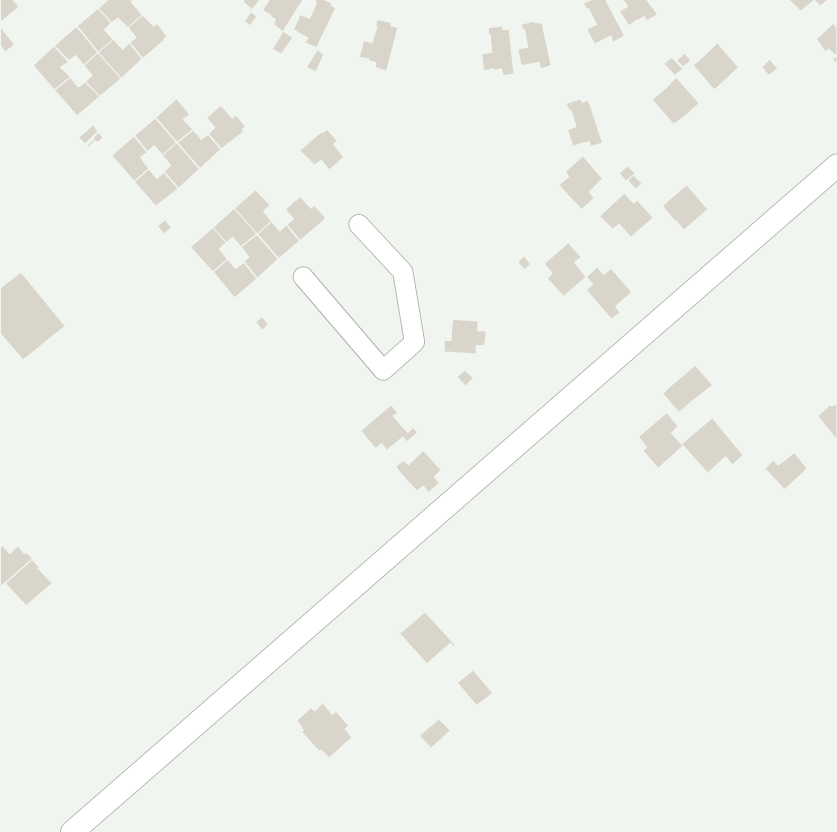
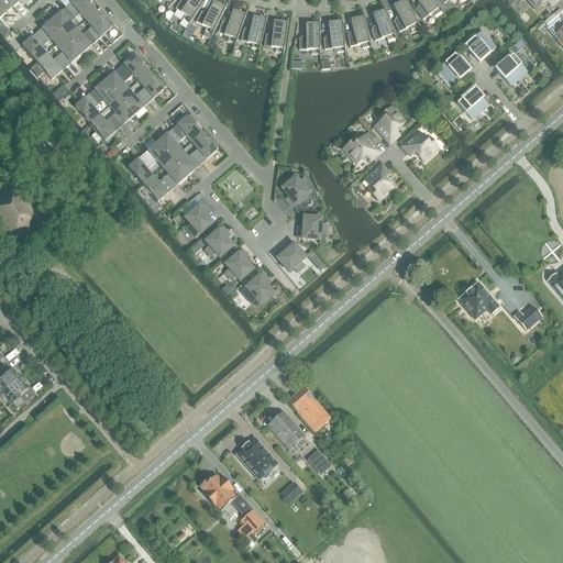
building: none -> [218,7,246,43]
building: none -> [264,18,288,53]
building: none -> [300,20,320,53]
building: none -> [119,52,148,79]
building: none -> [496,53,527,84]
building: [566,99,604,146] -> [371,7,396,38]
building: [300,129,344,170] -> [172,113,201,141]
building: [662,185,708,230] -> [457,87,488,118]
building: none -> [344,133,380,162]
building: none -> [282,175,310,206]
building: [586,266,632,320] -> none
building: none -> [184,197,213,236]
building: none -> [205,225,233,256]
building: [663,365,713,413] -> none
building: none -> [225,249,253,279]
building: [638,412,683,468] -> none
building: [395,450,441,493] -> [275,242,306,271]
building: none -> [288,386,331,430]
building: none -> [238,437,278,478]
building: none -> [231,493,265,532]

